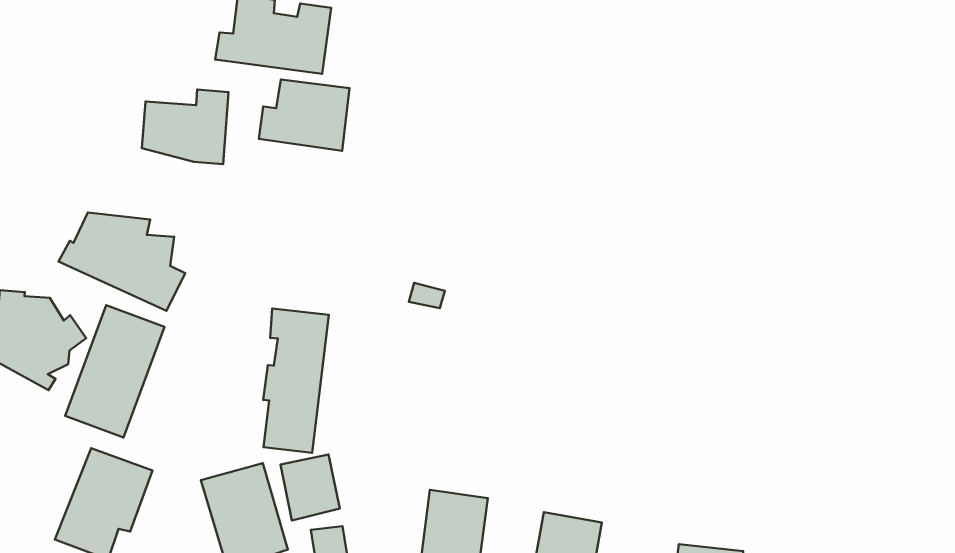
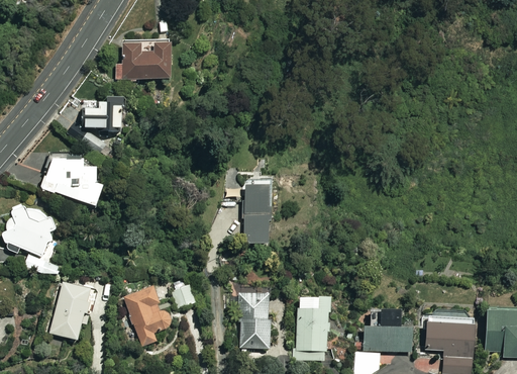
building: [259,79,350,151] -> none
building: [65,305,165,438] -> none
building: [263,308,329,453] -> [241,171,272,244]

